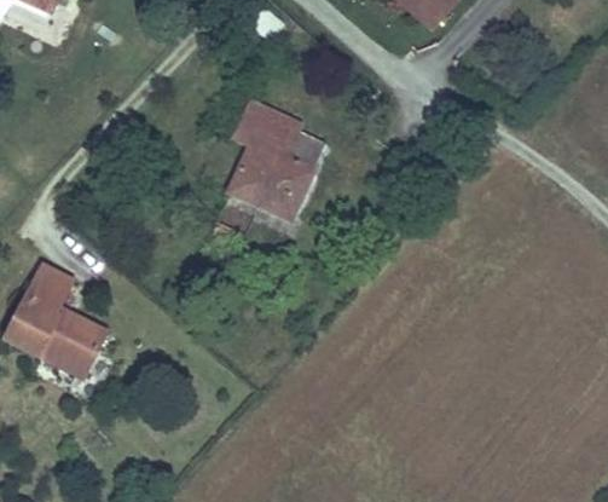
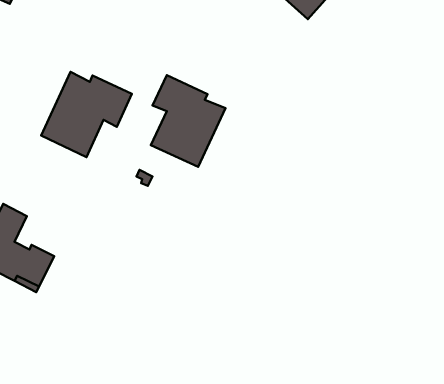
building: none -> [41,72,132,157]

